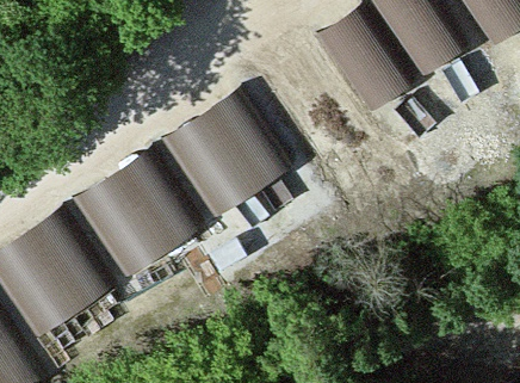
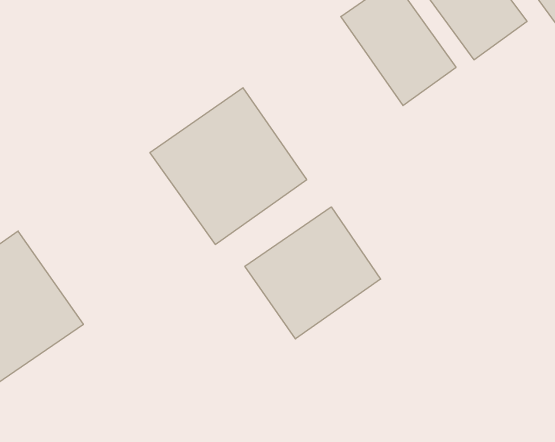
building: [74,150,202,277] -> none
building: none -> [245,207,381,339]

